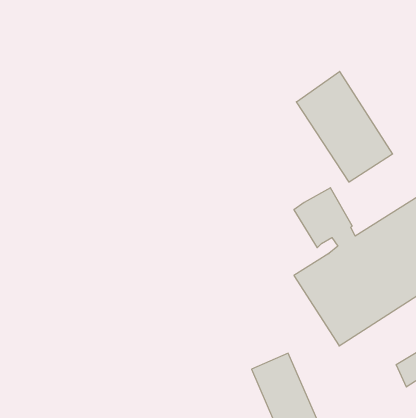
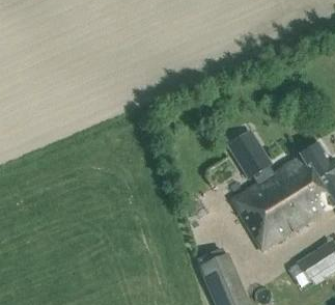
building: [296,71,393,182] -> none

